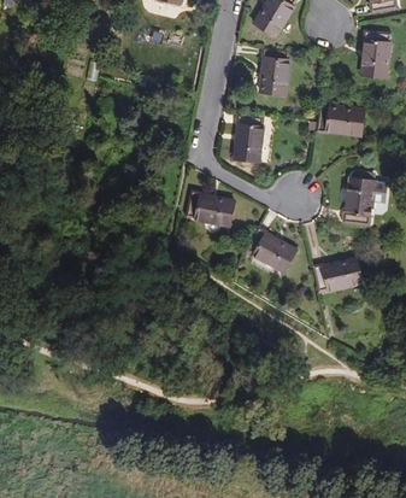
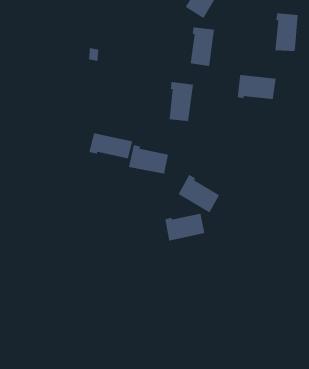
building: none -> [89,132,133,159]
building: [343,178,375,225] -> none
building: [312,259,361,293] -> [164,213,205,241]

